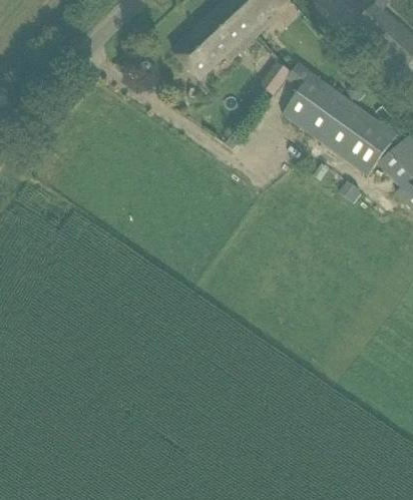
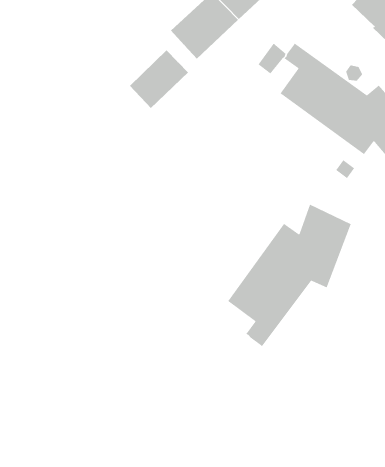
building: none -> [129,49,189,109]
building: none -> [227,204,352,347]

